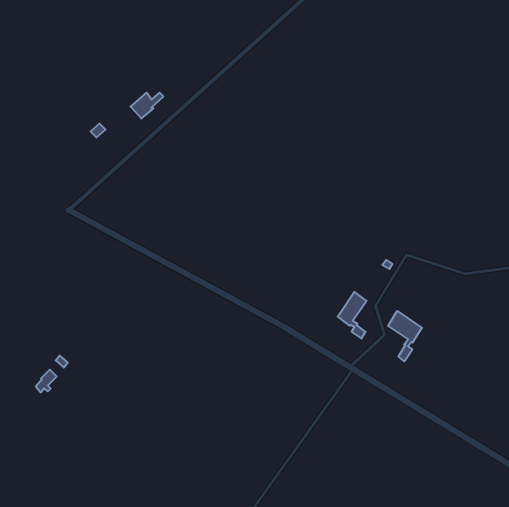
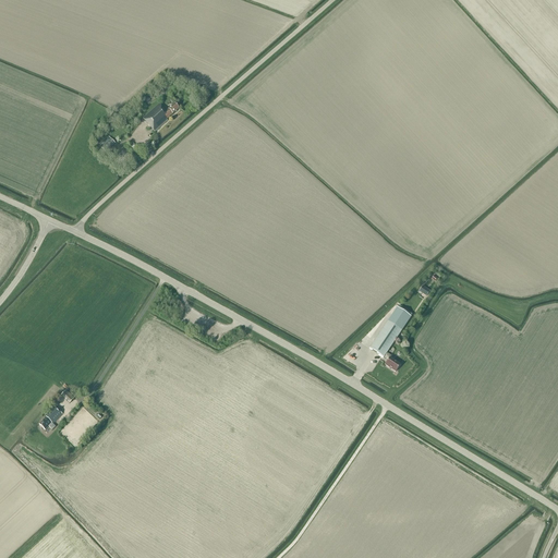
building: [388,311,422,361] -> none

